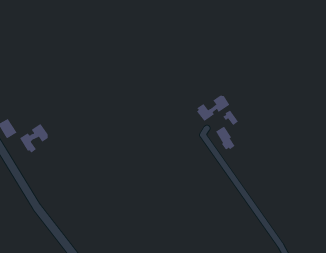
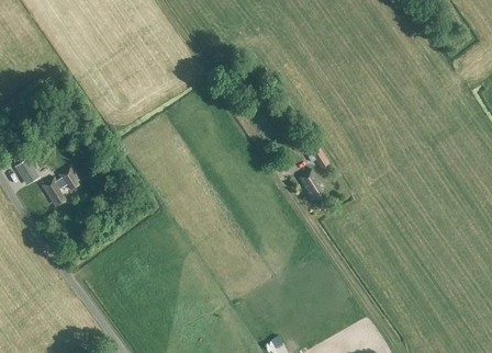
building: [196,95,230,122] -> none

